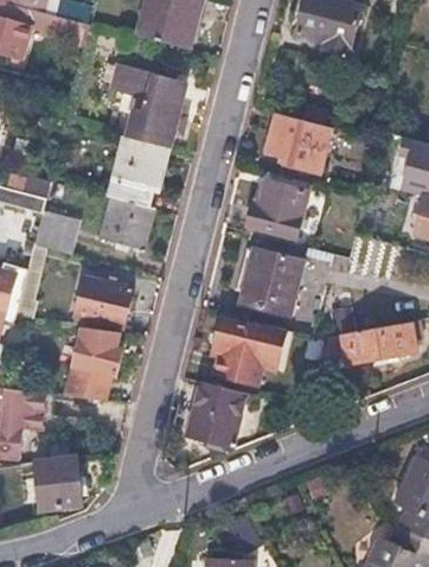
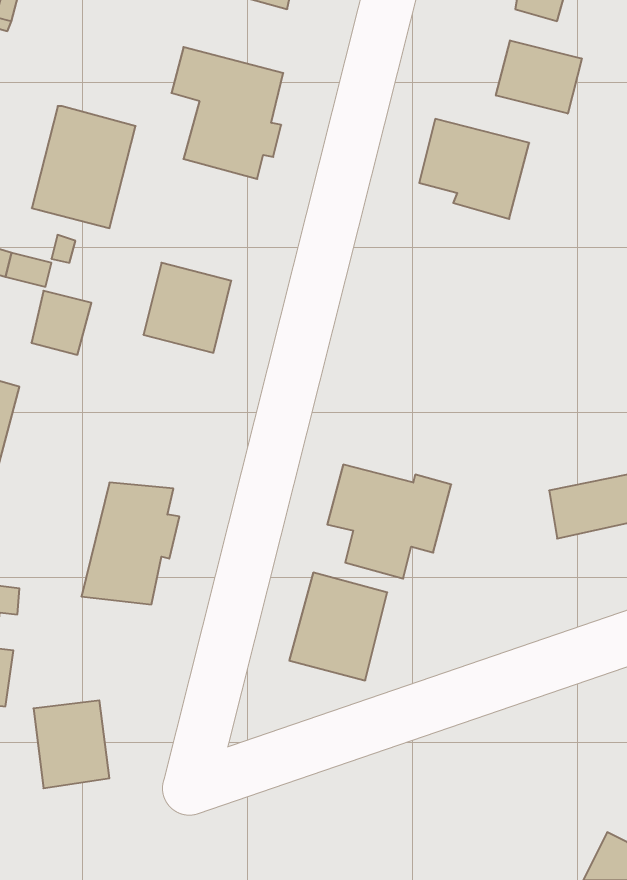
building: none -> [496,40,582,114]
building: [107,136,168,209] -> [32,106,136,228]
building: [244,180,306,240] -> none
building: [238,247,305,314] -> none
building: [72,278,132,329] -> none

